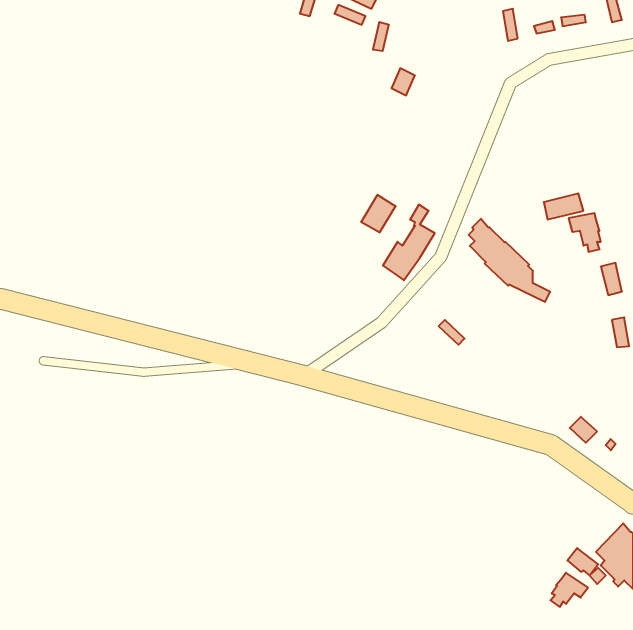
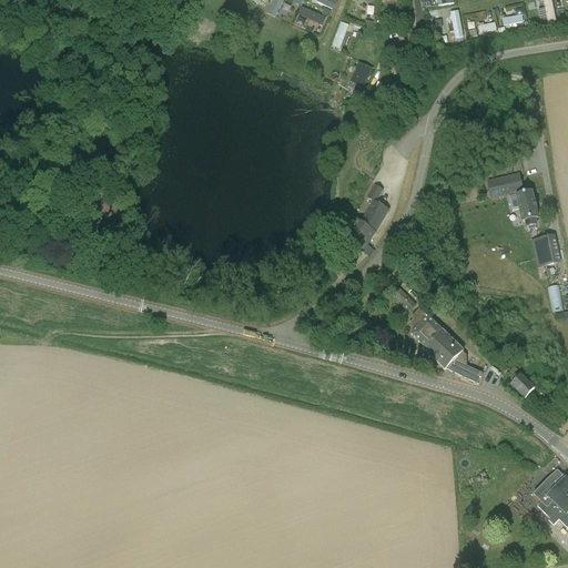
building: [361,195,396,233] -> none
building: [469,219,550,302] -> [409,307,483,382]
building: [550,573,588,607] -> none

